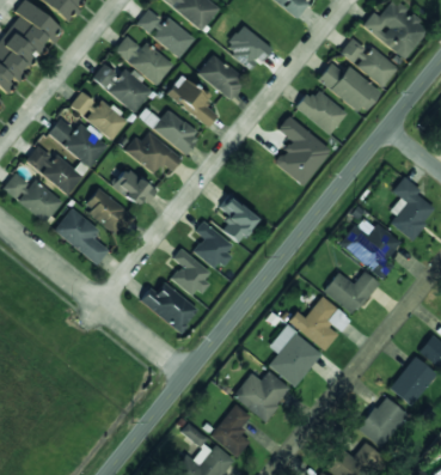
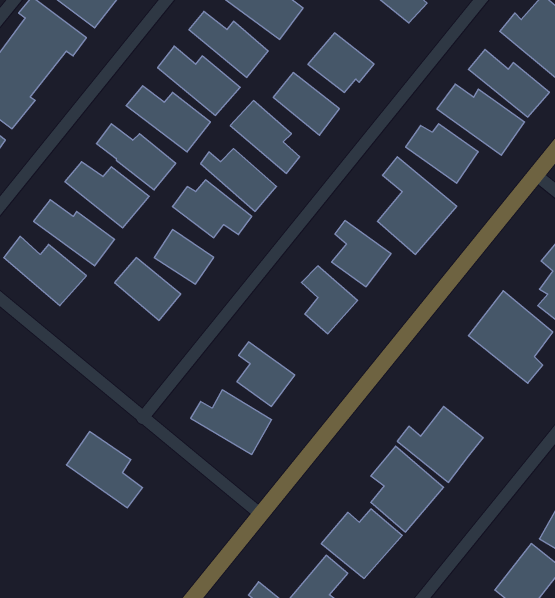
building: [54,208,109,263] -> [66,432,143,508]
building: [192,221,235,269] -> [332,221,391,287]
building: [323,270,379,315] -> none

